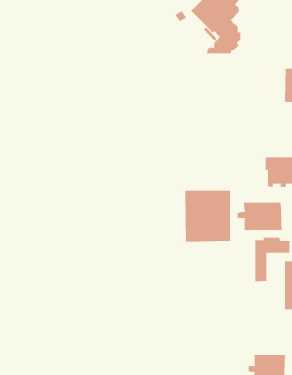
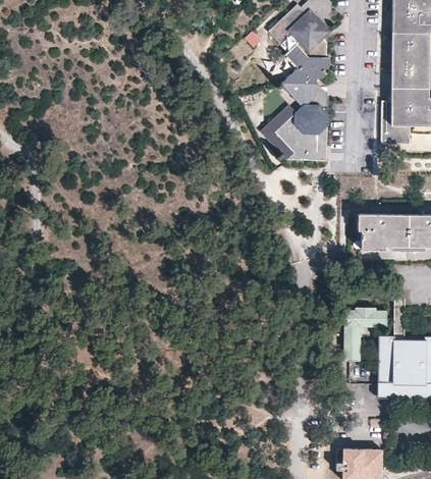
building: none -> [262,86,328,162]
building: [185,190,230,242] -> none
building: [237,202,282,231] -> none

